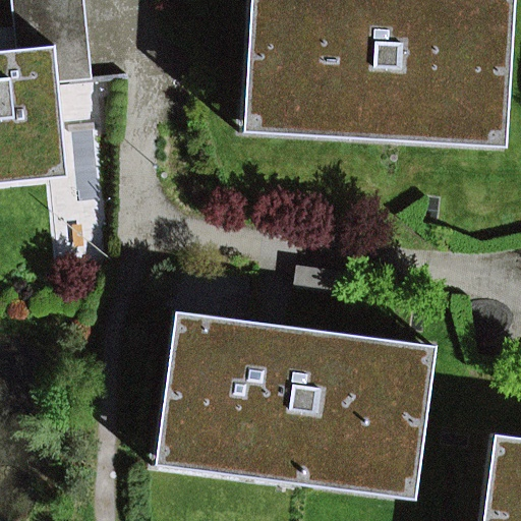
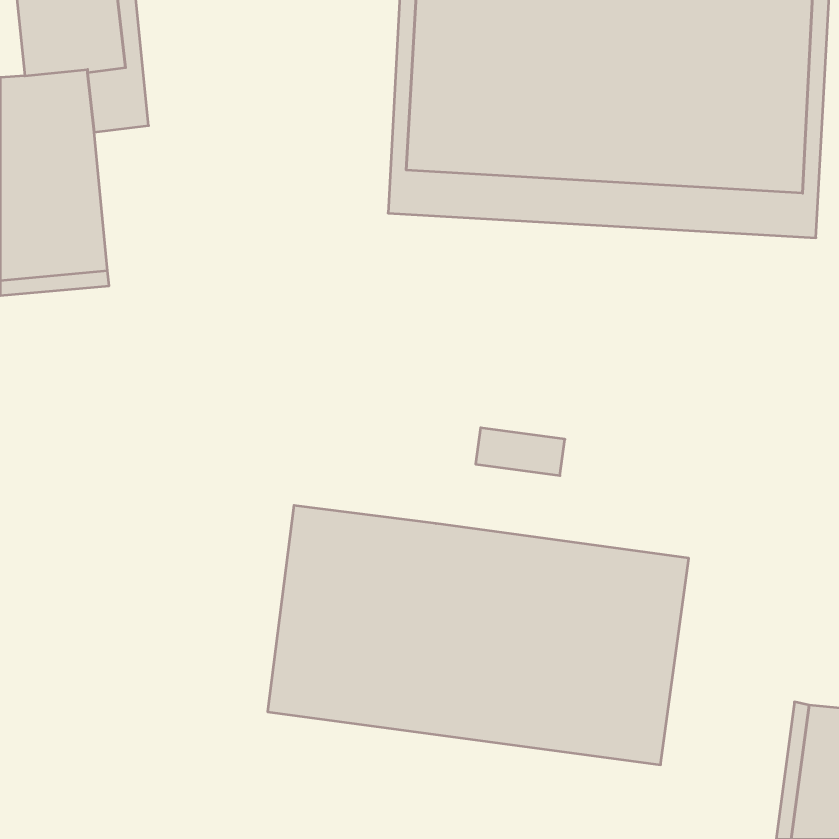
building: [155,309,437,500] -> none

